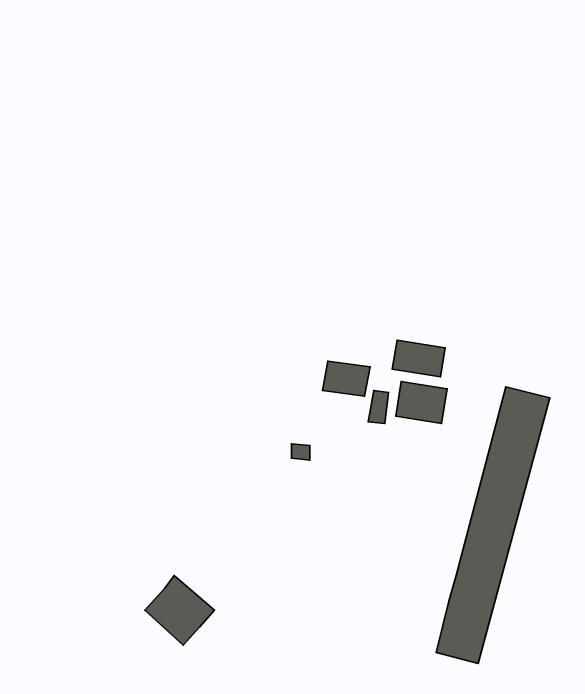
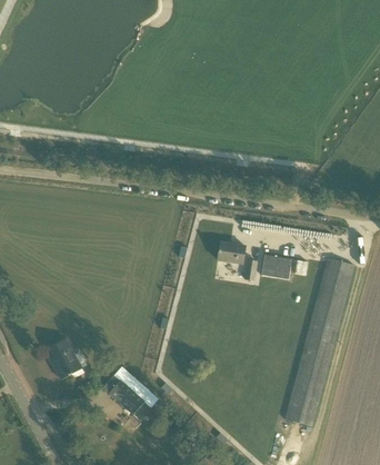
building: [392,340,445,377] -> none
building: none -> [50,338,78,378]

